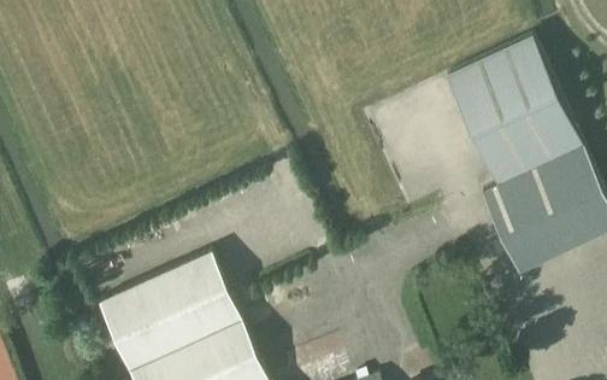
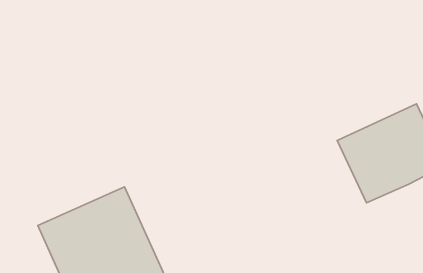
building: [444,34,582,183] -> none

